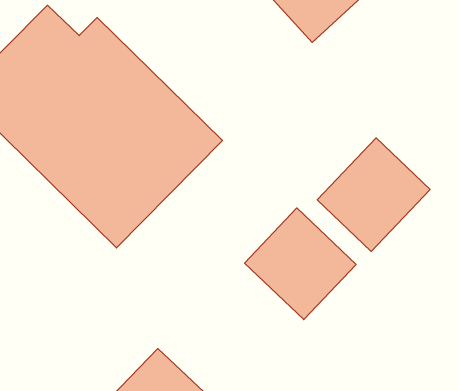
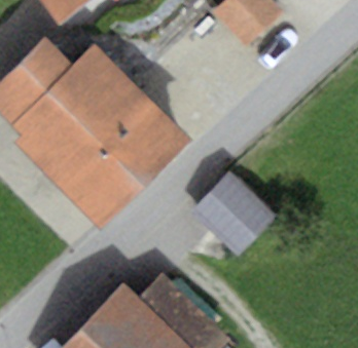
building: [317,138,430,251] -> none

